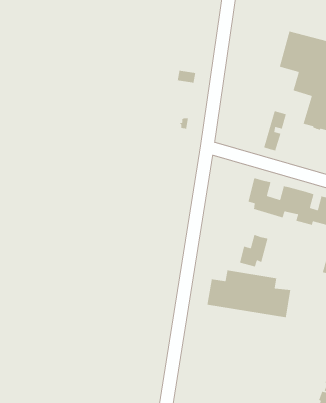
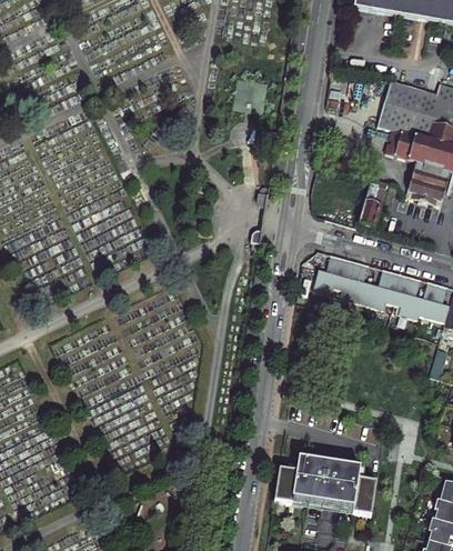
building: [239,234,268,268] -> [311,253,346,294]
building: [207,269,291,318] -> [275,455,378,514]

